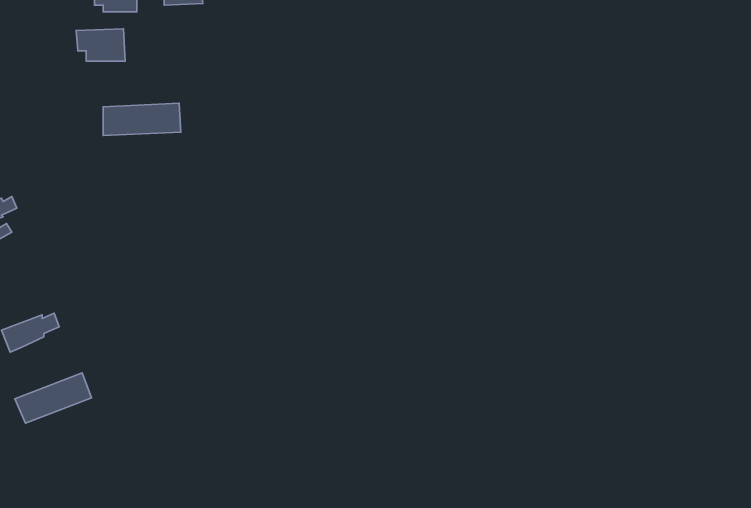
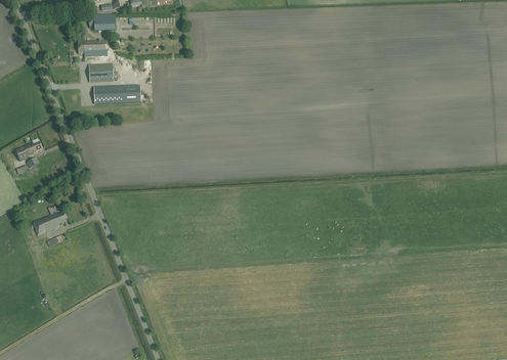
building: none -> [89,63,114,82]
building: [15,373,91,423] -> none

